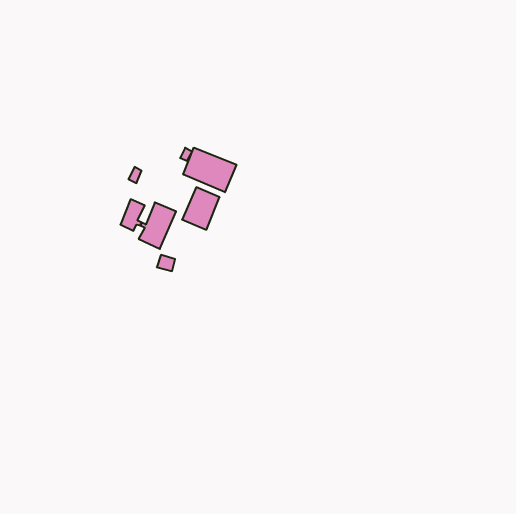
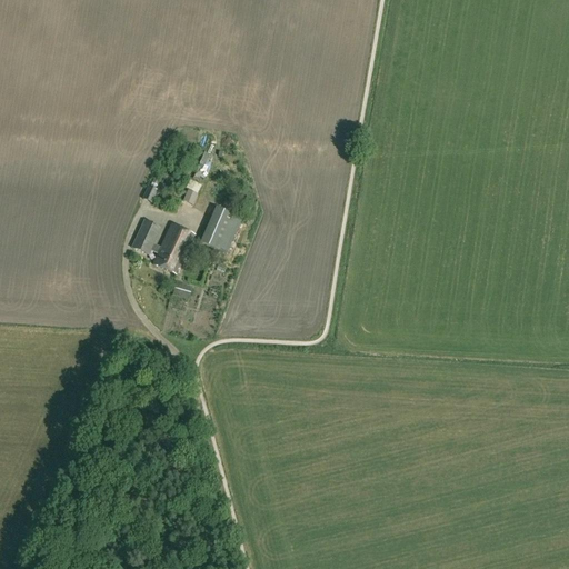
building: [183,148,236,192] -> none

